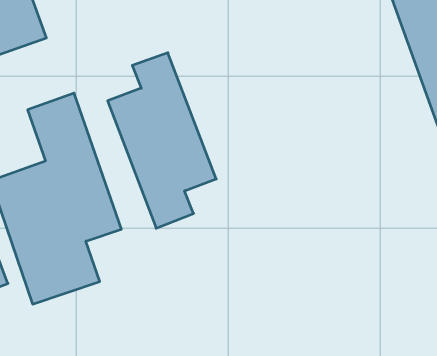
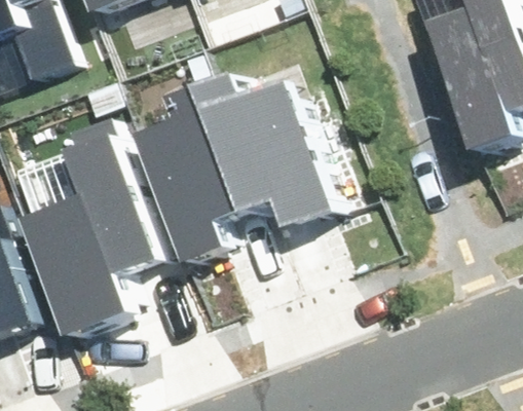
building: none -> [213,65,344,223]

